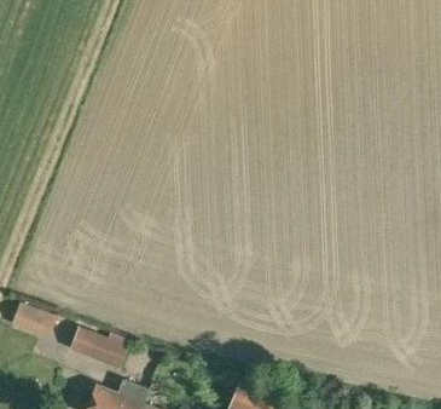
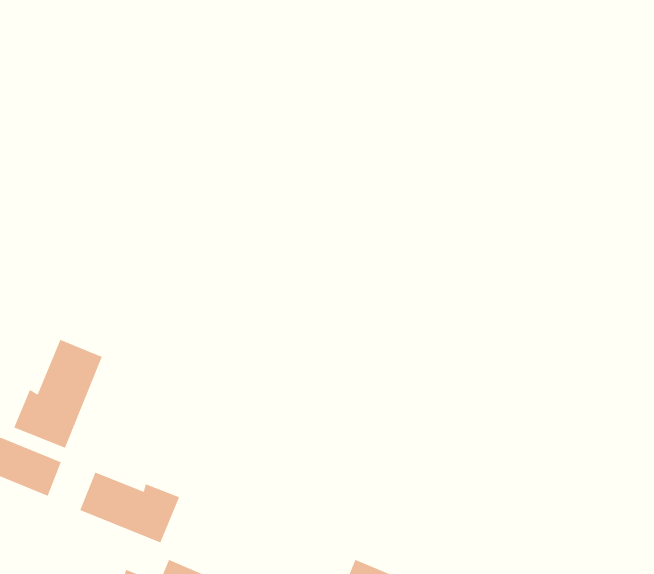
building: none -> [13,339,103,449]

